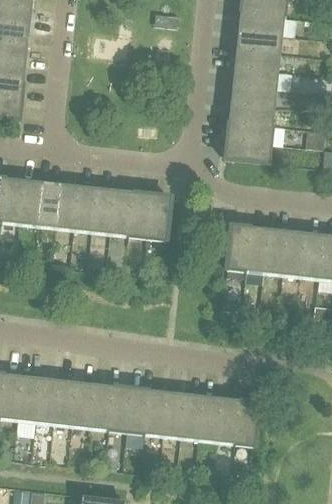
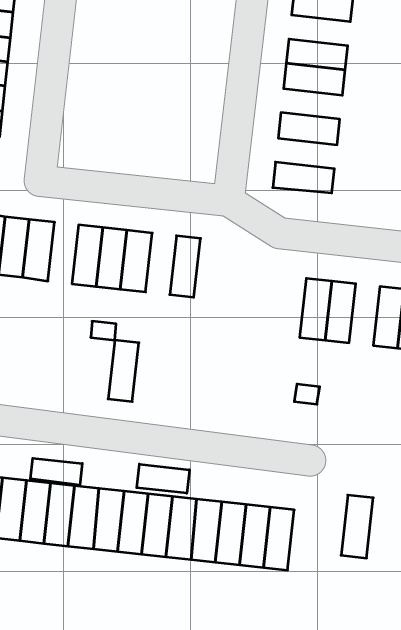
building: [236,29,282,52] -> none
building: [230,84,276,107] -> none
building: [226,121,272,144] -> none
building: [56,184,79,230] -> none
building: [129,192,152,238] -> [108,340,139,402]
building: [226,224,249,270] -> none
building: [281,230,304,276] -> none
building: none -> [31,458,82,485]
building: none -> [137,464,189,493]
building: [235,399,259,446] -> [341,495,373,558]

